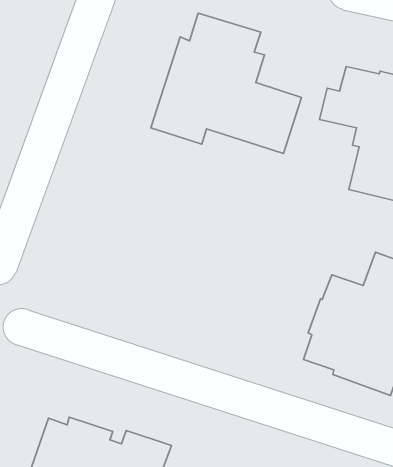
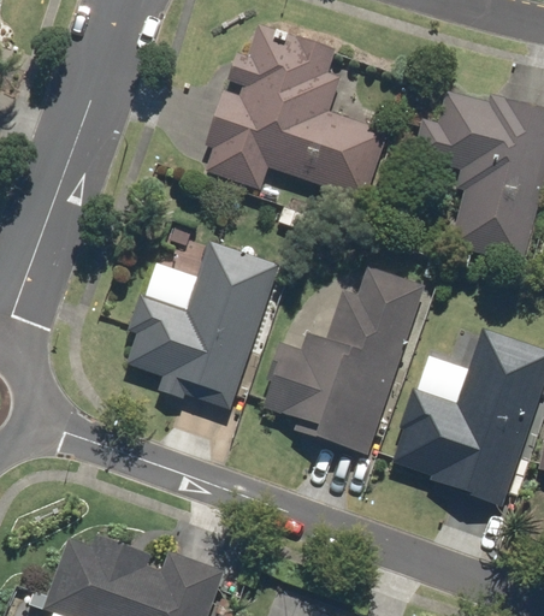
building: none -> [128,239,282,415]
building: none -> [259,263,427,458]

